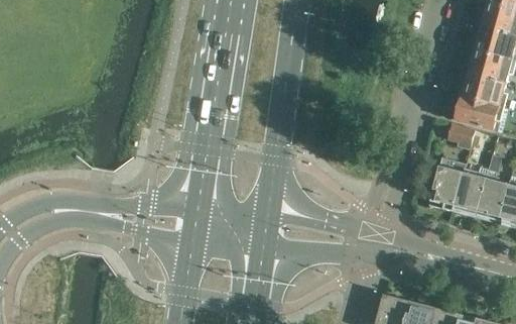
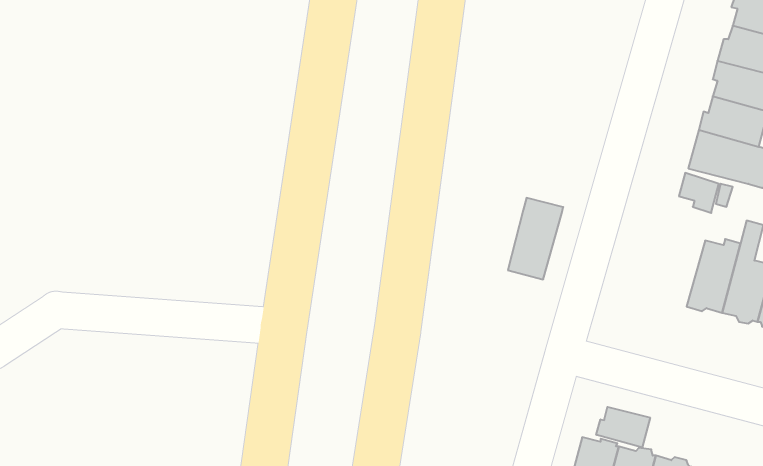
building: [431,157,468,211] -> [508,198,563,279]
building: none -> [596,407,650,447]

